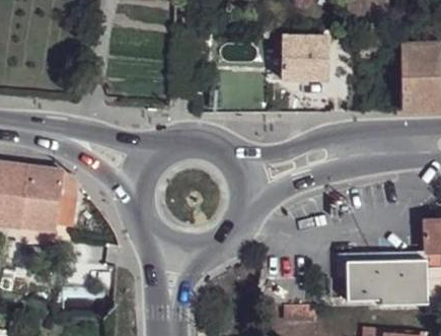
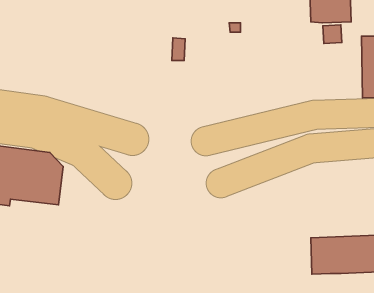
building: [283,36,327,80] -> none

